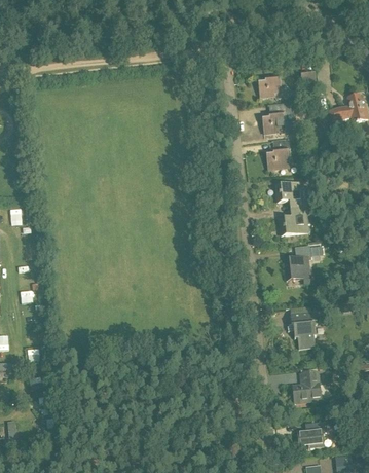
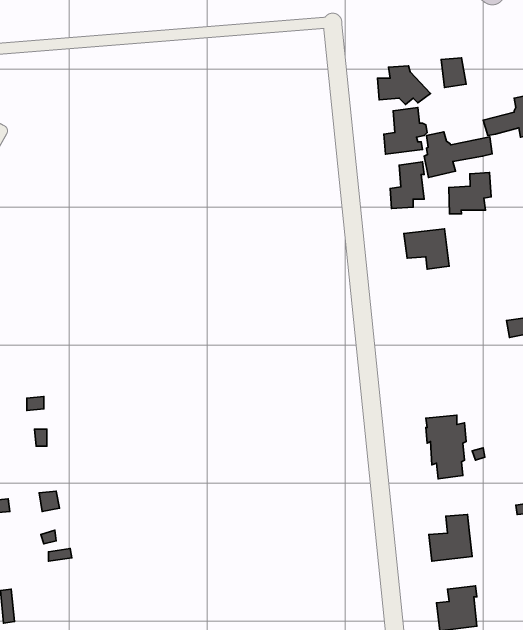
building: none -> [424,132,492,177]
building: none -> [449,172,491,214]
building: [280,208,307,236] -> none
building: [284,246,313,284] -> none

